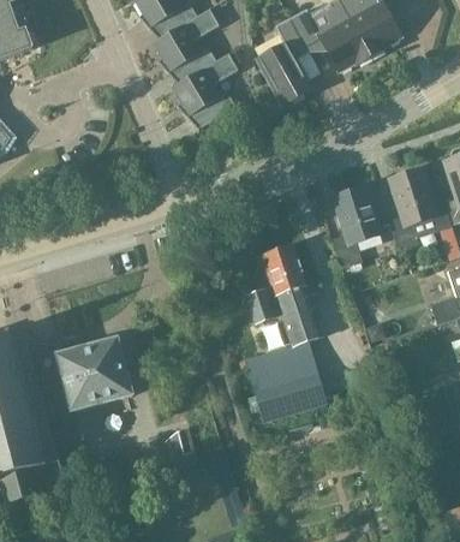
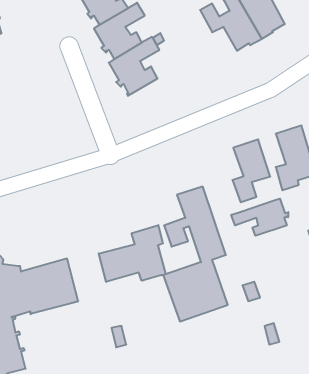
building: [257,17,312,103] -> none
building: none -> [231,199,288,236]
building: none -> [99,225,165,282]

